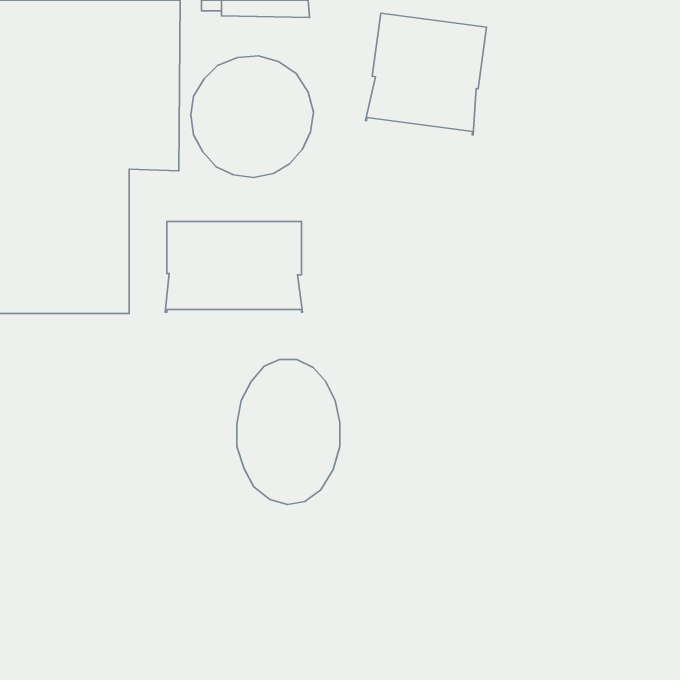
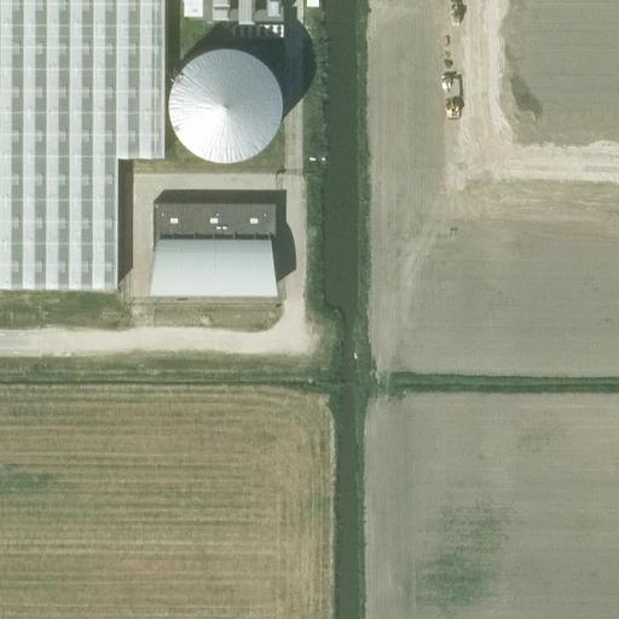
building: [365,13,487,135] -> none
building: [237,359,340,505] -> none

